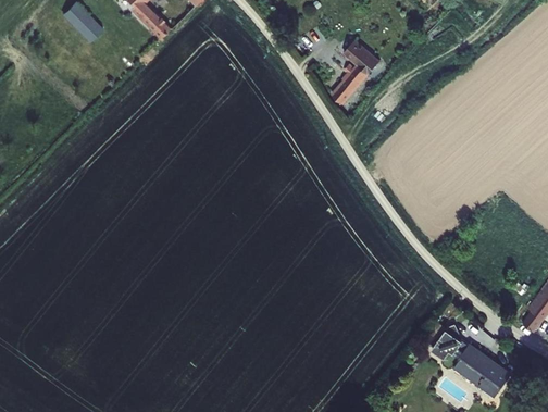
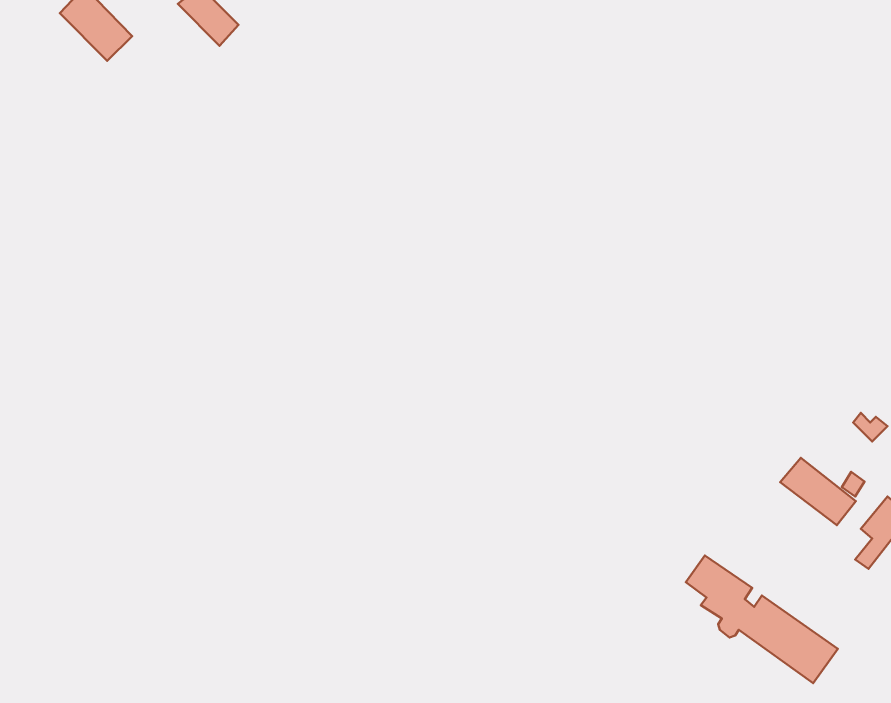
building: [332,39,377,102] -> none
building: none -> [780,458,856,525]

